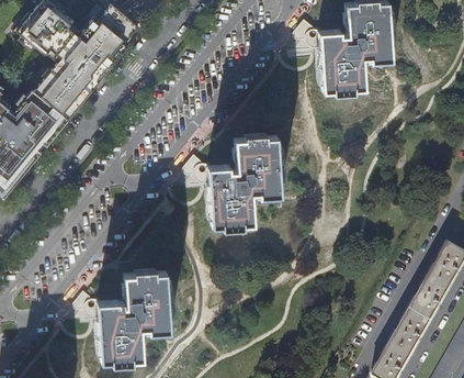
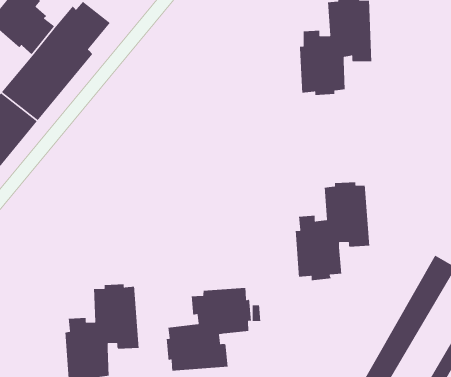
building: [207,133,279,227] -> [295,181,370,281]
building: none -> [166,287,252,371]

